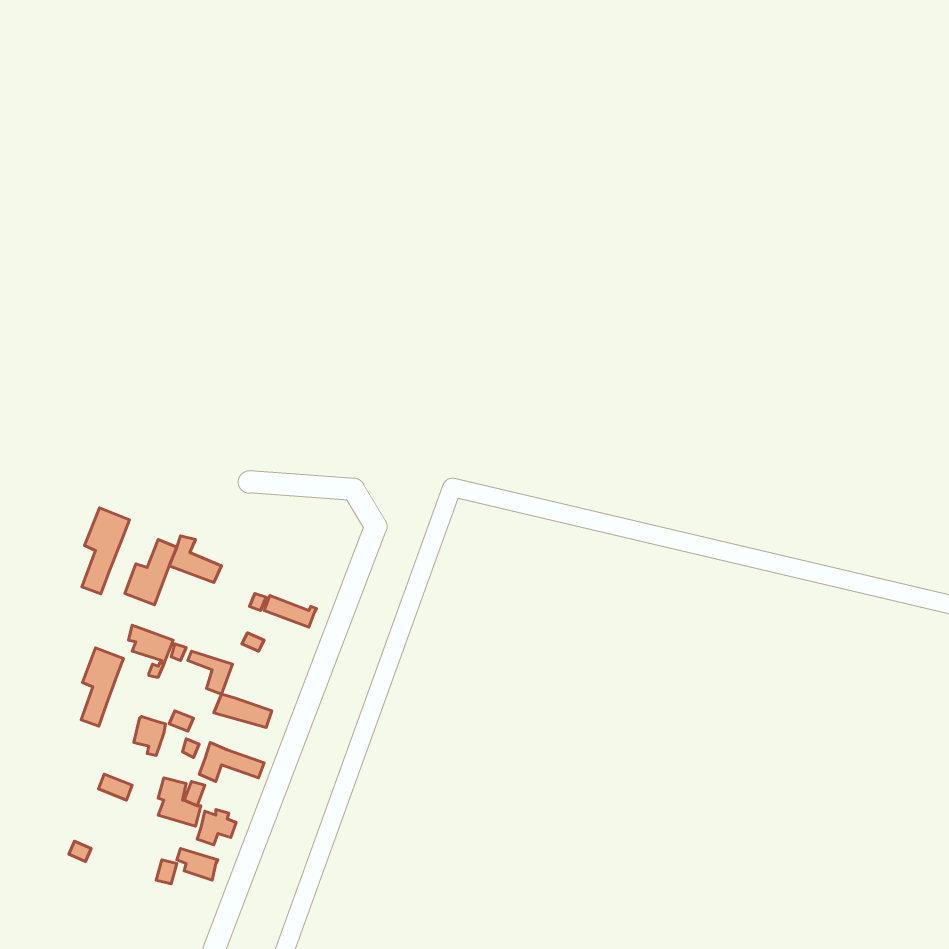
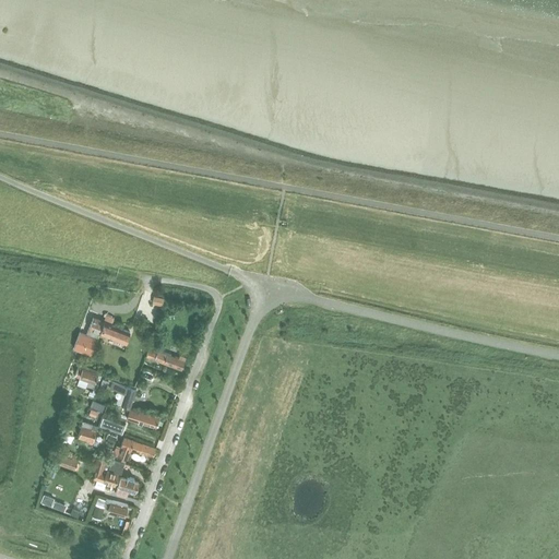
building: [82,508,130,594] -> none
building: [81,648,123,726] -> none

